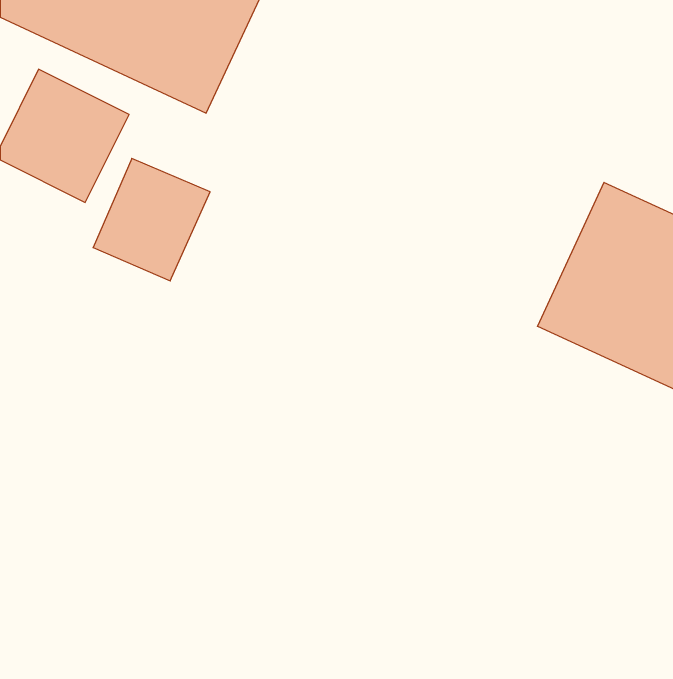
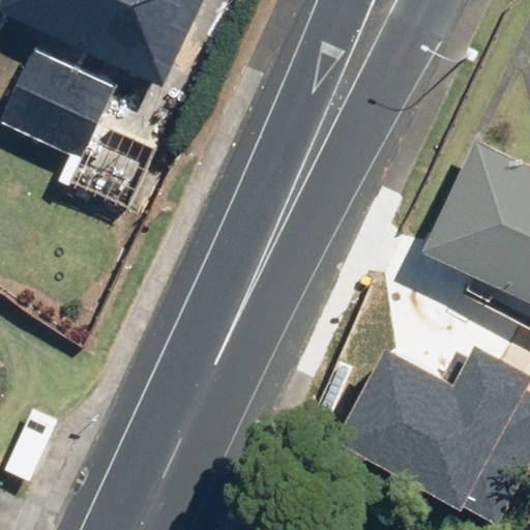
building: none -> [340,337,509,497]

